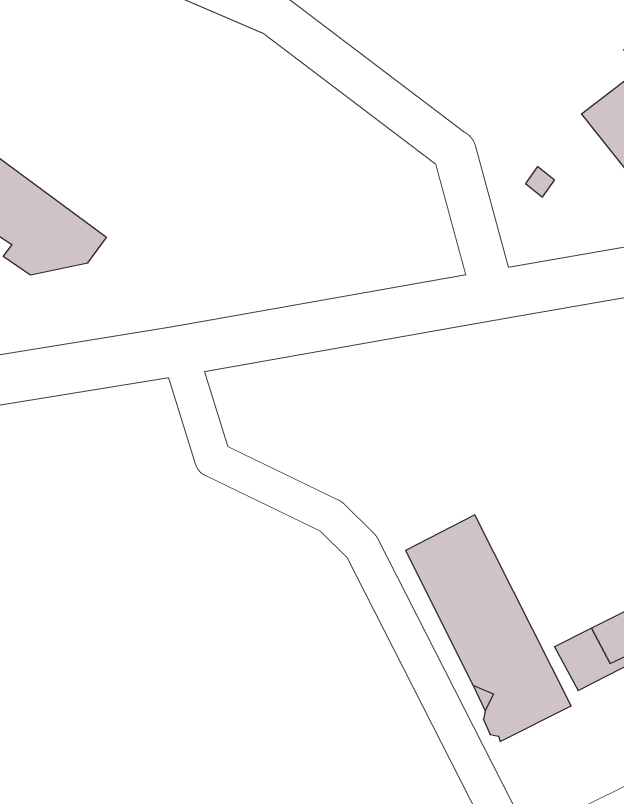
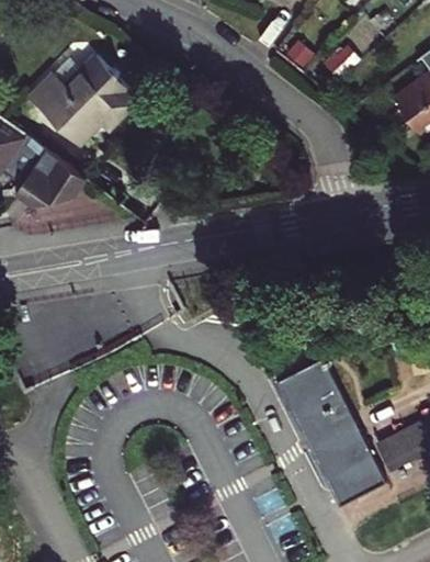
building: none -> [29,54,137,144]

